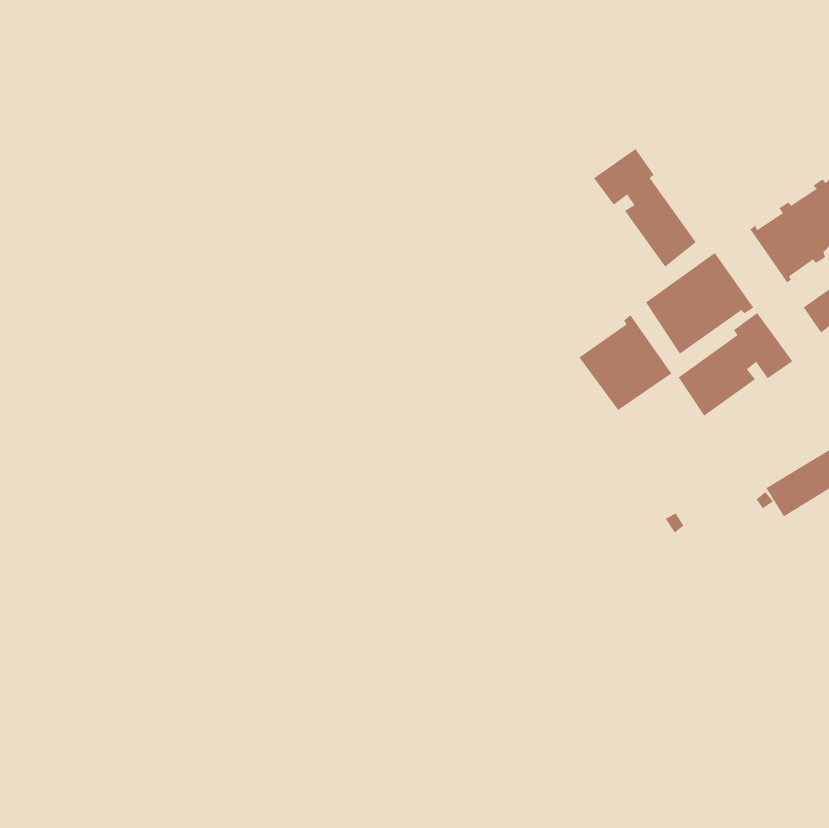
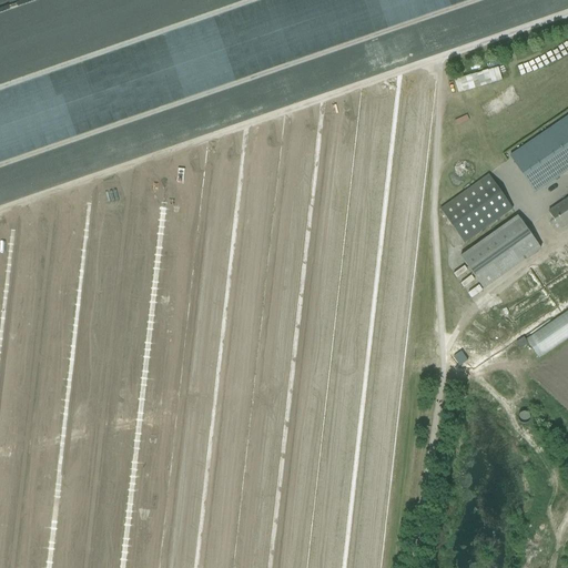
building: [593,148,696,267] -> none
building: [579,314,672,411] -> none

